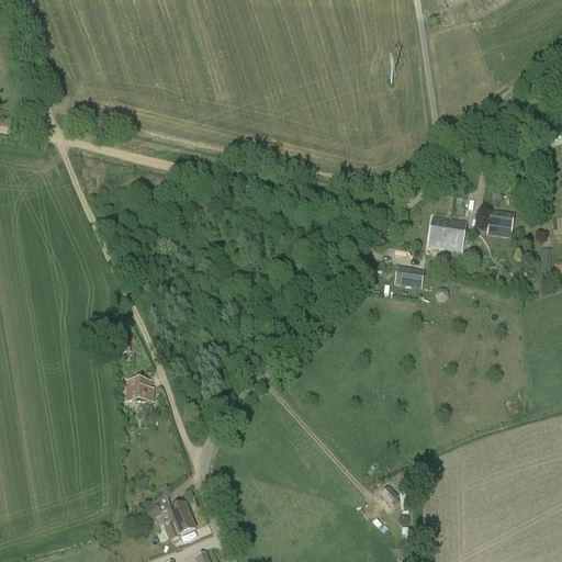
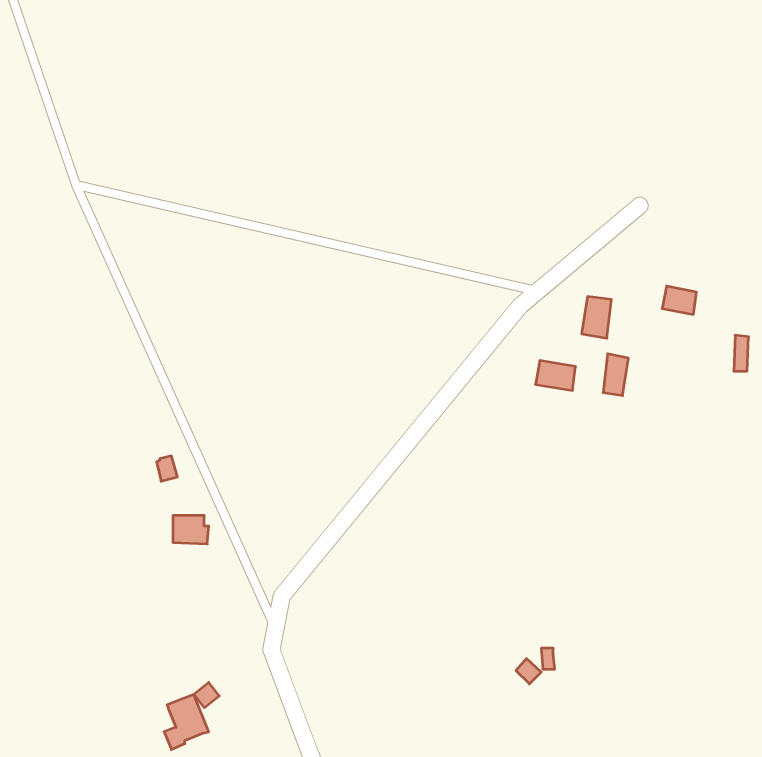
building: [447,221,465,251] -> [603,354,628,396]
building: [164,501,196,541] -> [164,694,209,750]

